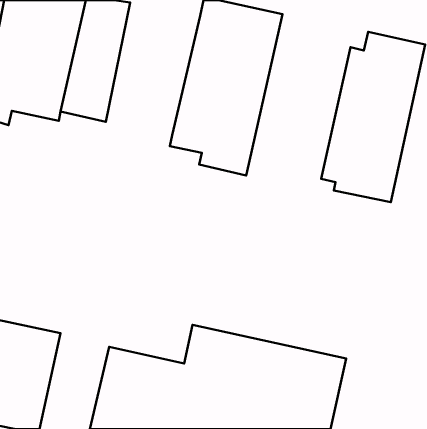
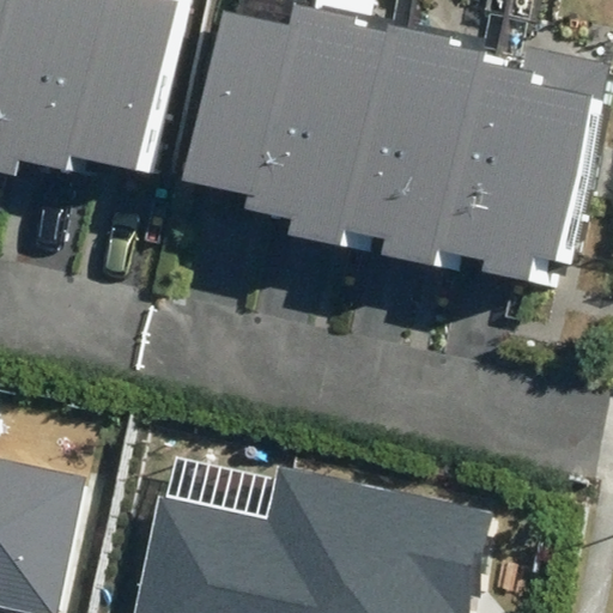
building: none -> [178,7,285,193]
building: none -> [354,20,505,271]

